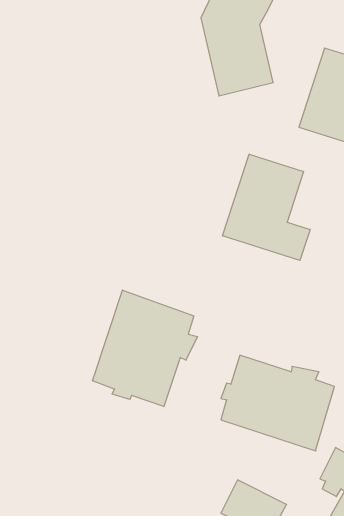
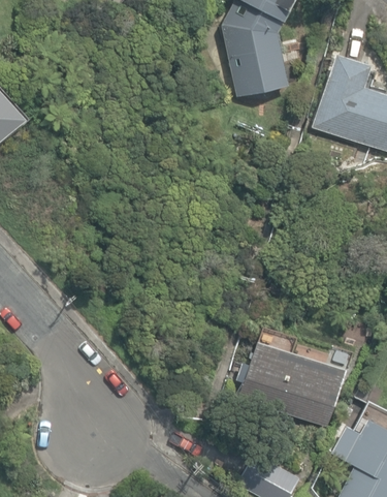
building: [223,154,310,260] -> none
building: [93,290,197,407] -> none

